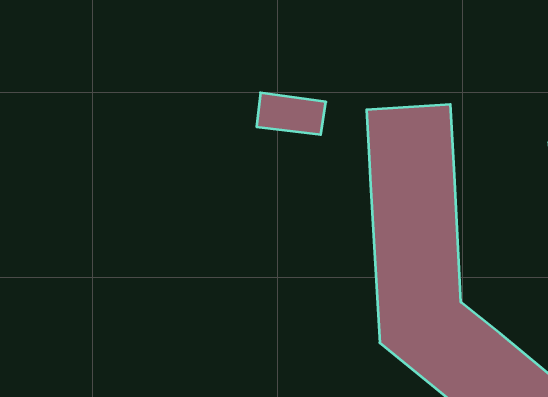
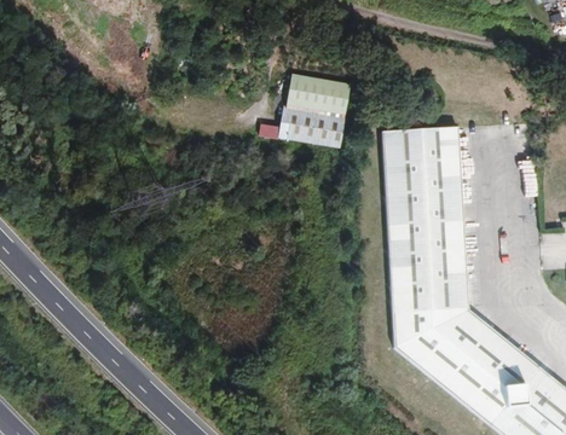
building: none -> [283,81,347,120]

